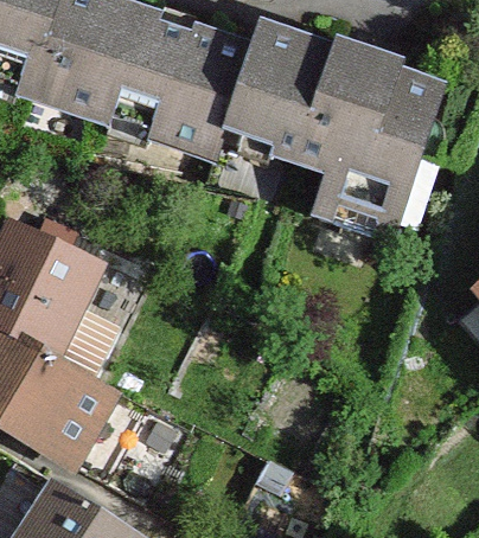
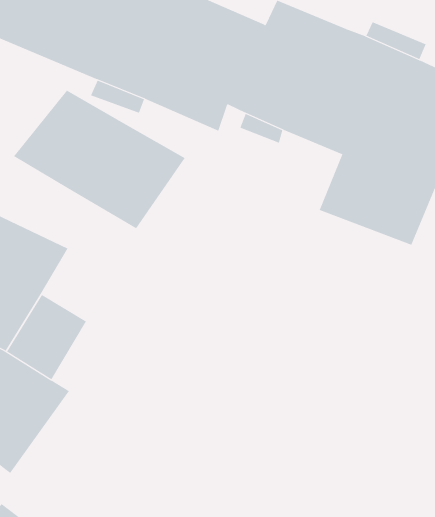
building: none -> [13,90,186,229]

